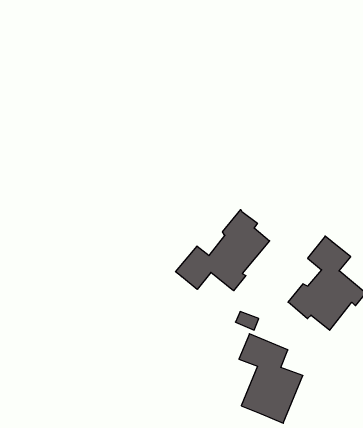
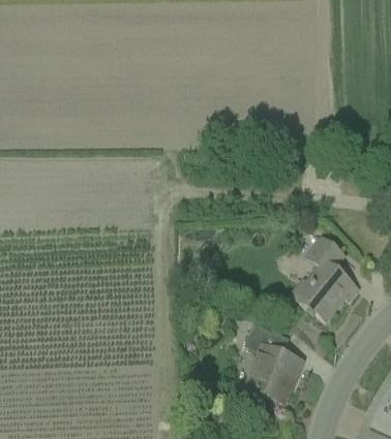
building: [176,210,270,291] -> none

